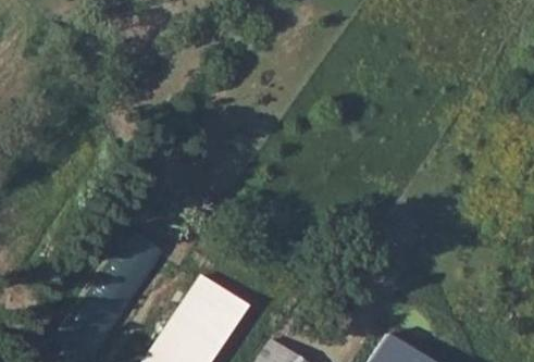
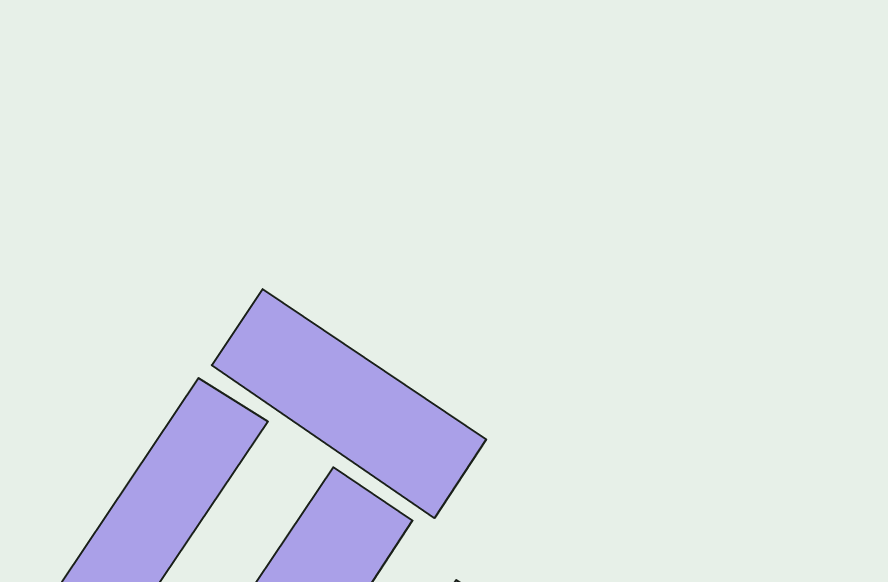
building: none -> [212,289,486,518]

